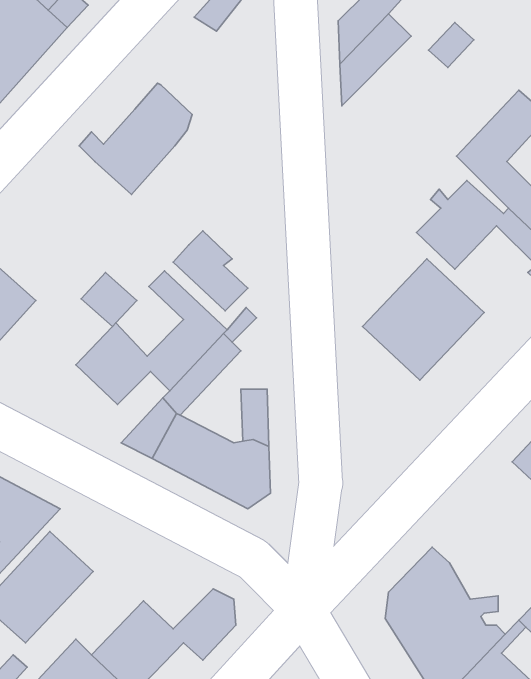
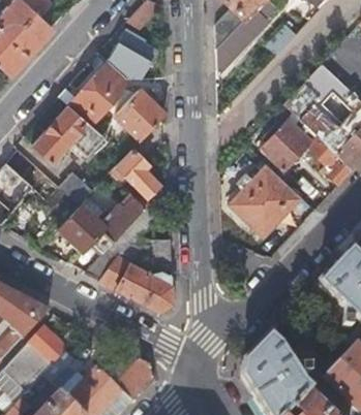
building: none -> [109,28,158,77]
building: none -> [115,88,167,138]
building: none -> [33,105,103,162]

